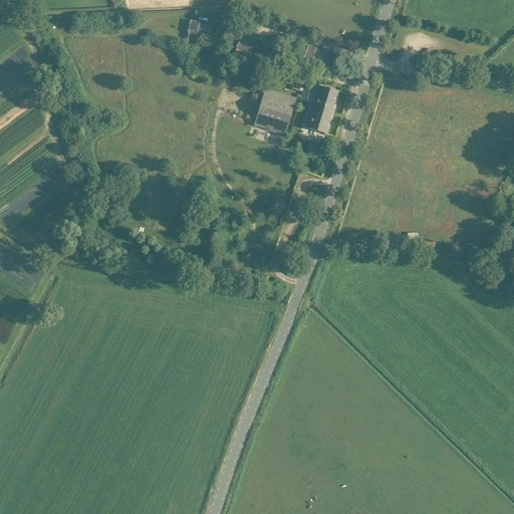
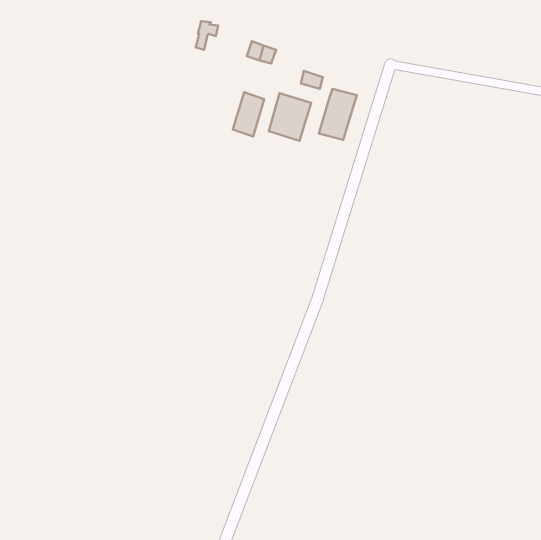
building: none -> [233,92,264,137]

